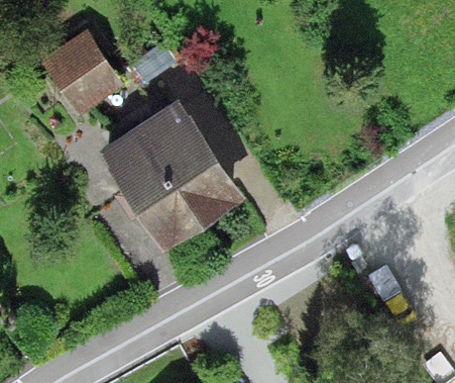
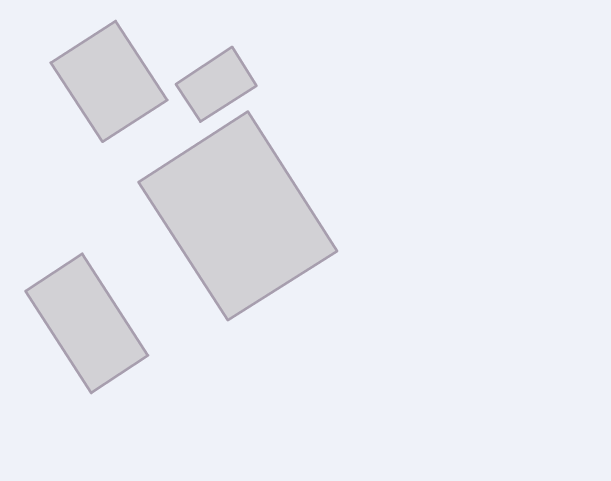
building: none -> [26,254,148,393]

